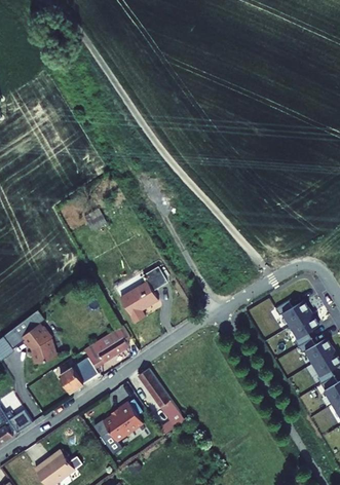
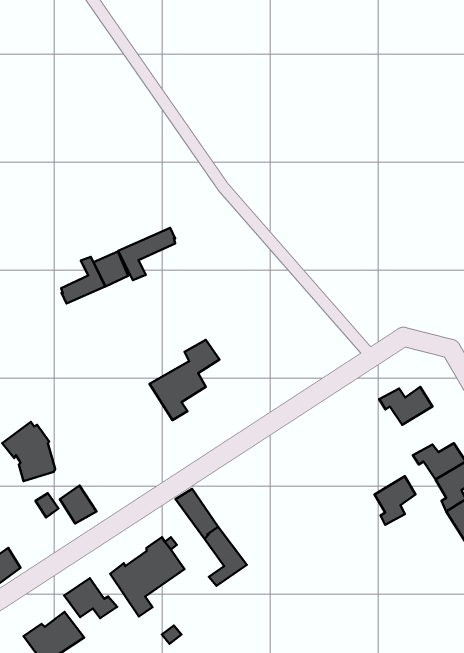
building: none -> [118,228,175,280]
building: none -> [61,257,105,303]
building: [290,313,317,346] -> [375,476,416,525]
building: [84,326,129,368] -> none
building: none -> [64,578,117,618]

